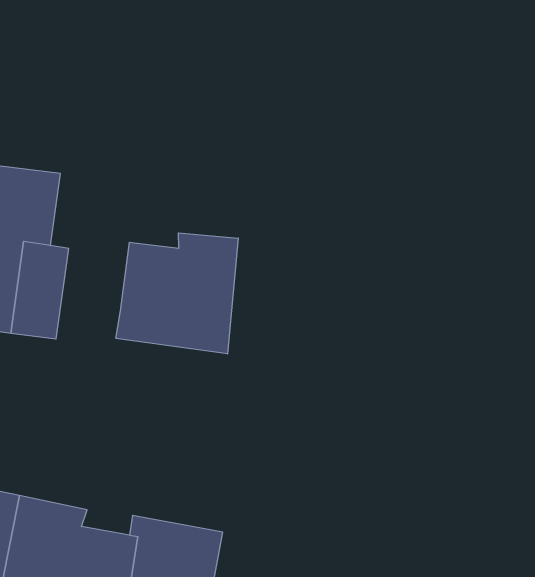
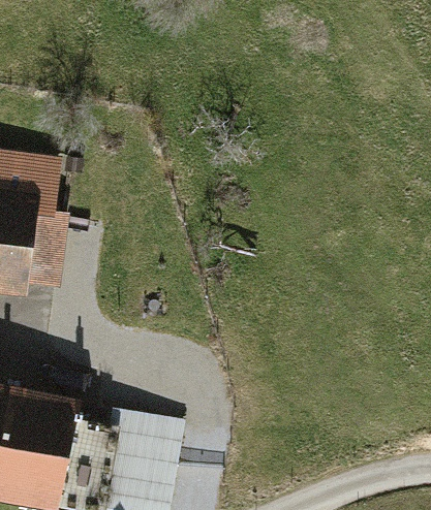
building: [116,233,238,354] -> none

